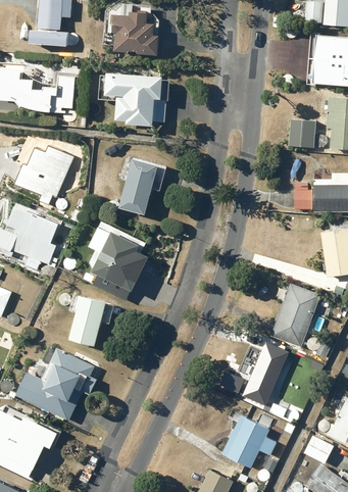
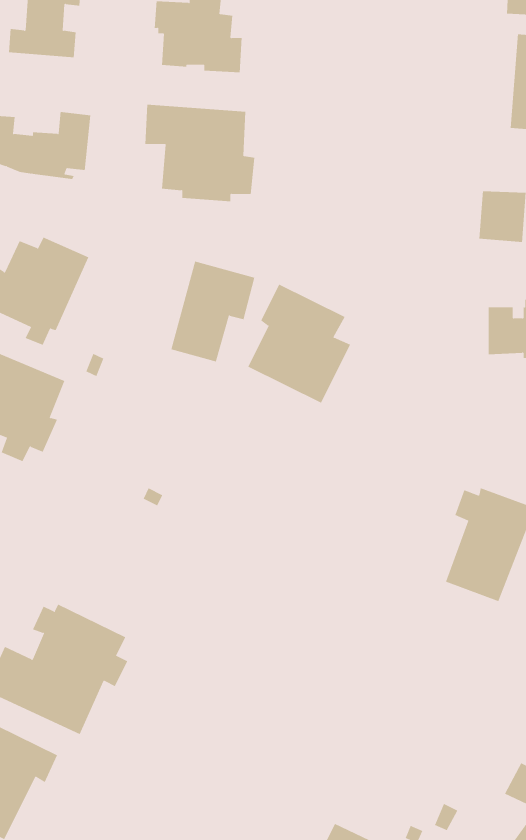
building: [91,225,148,291] -> [248,284,351,404]
building: [68,295,113,345] -> none
building: [243,349,284,403] -> none
building: [221,413,277,469] -> none

